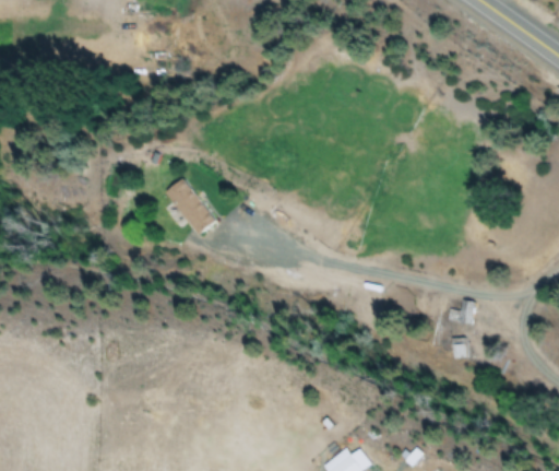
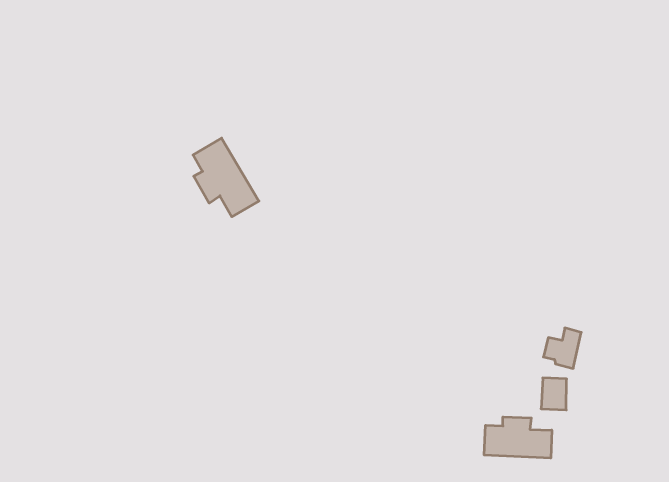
building: none -> [484,417,552,458]

